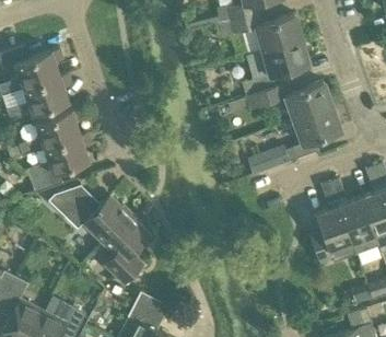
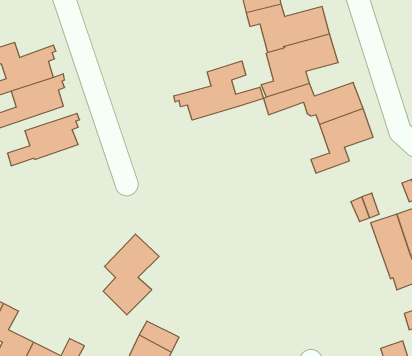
building: none -> [174,61,264,120]
building: [28,135,91,193] -> none
building: [248,147,291,176] -> none
building: [49,187,132,244] -> none
building: [308,206,356,266] -> none

